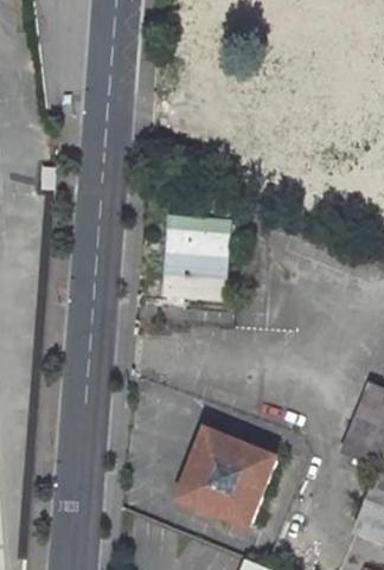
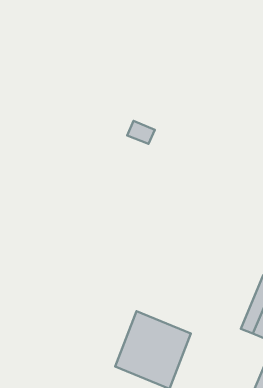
building: [164,219,225,299] -> none

